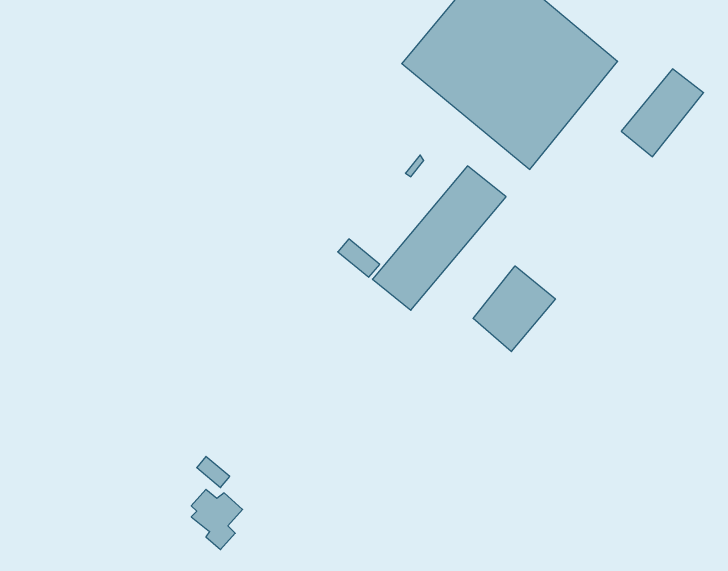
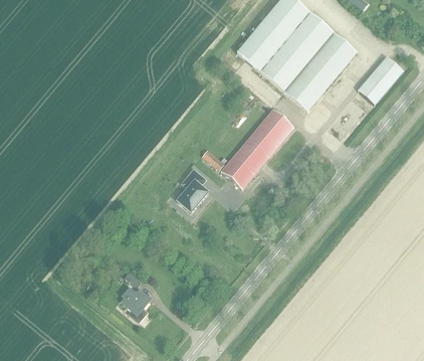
building: [473,266,555,352] -> none
building: none -> [177,169,207,211]

